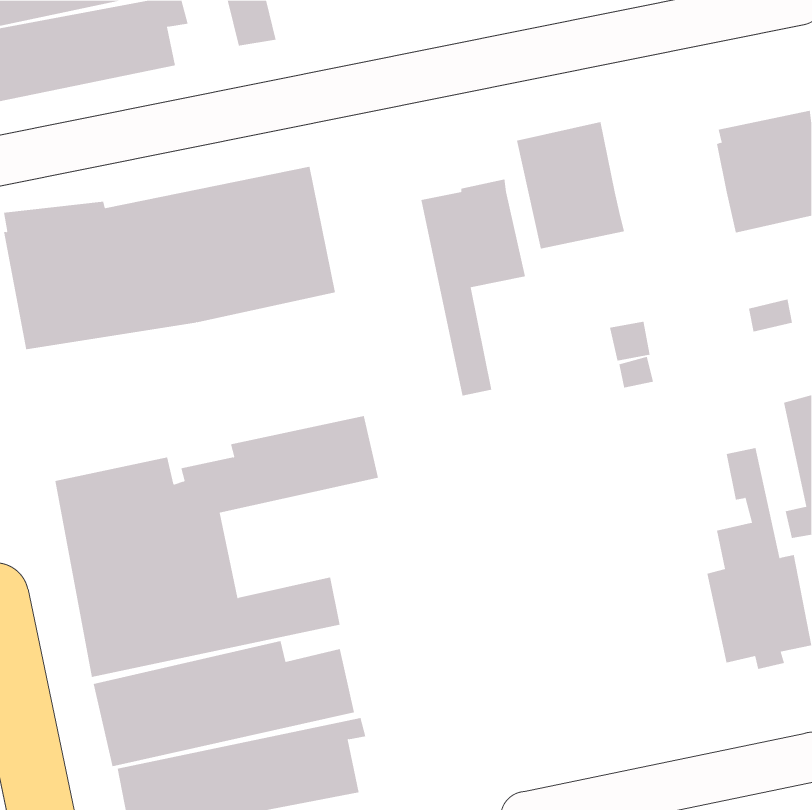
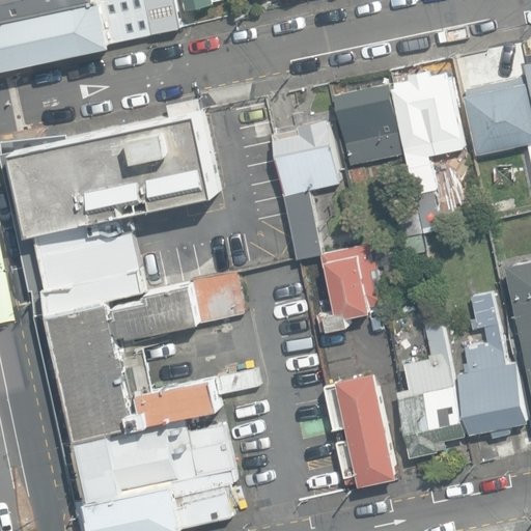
building: none -> [392,73,464,234]
building: none -> [17,214,144,316]
building: none -> [320,246,385,329]
building: none -> [397,323,467,457]
building: none -> [327,373,399,485]

